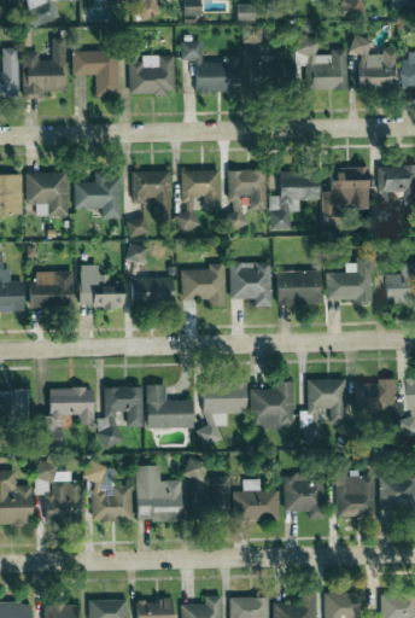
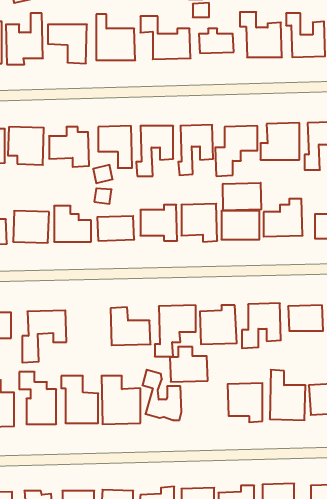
building: none -> [223,183,261,211]
building: [99,386,142,445] -> none
building: [234,479,279,520] -> [170,347,208,382]

